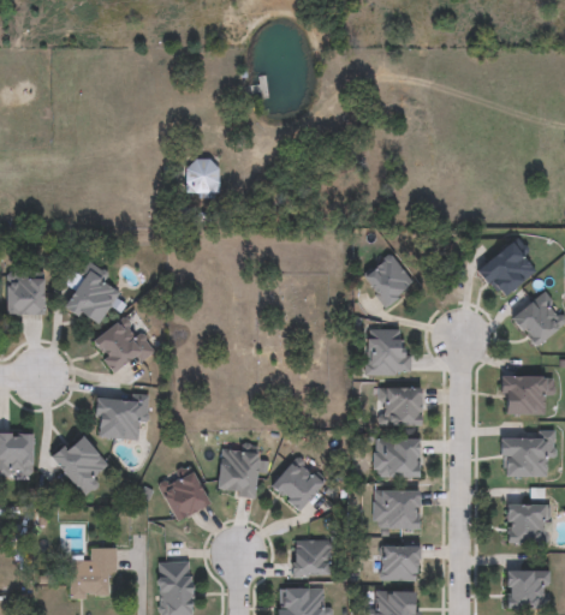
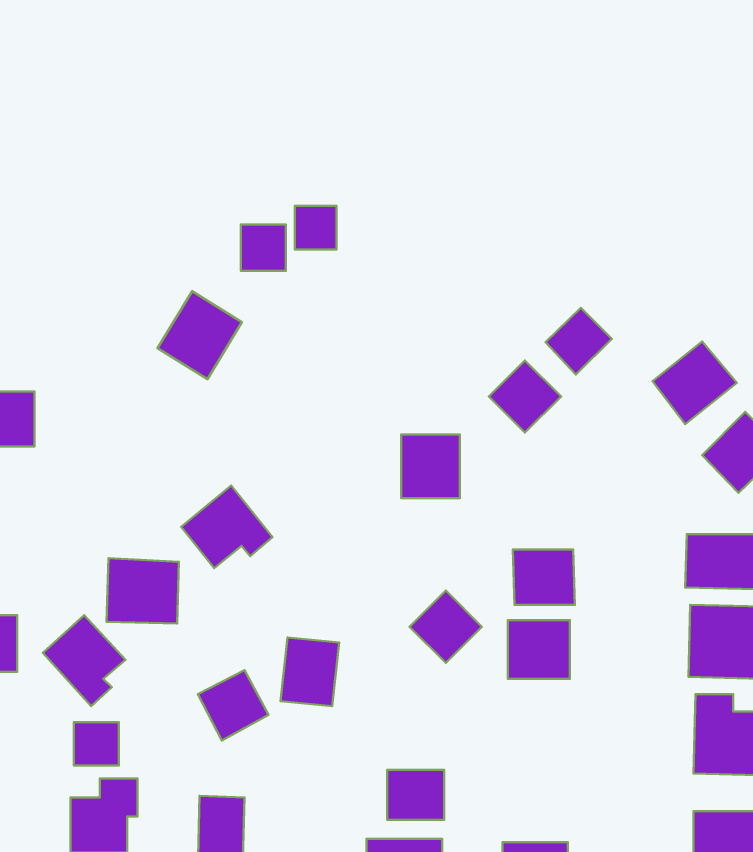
building: none -> [295,206,336,249]
building: none -> [545,308,612,375]
building: [63,265,121,327] -> [158,291,242,379]
building: [93,314,156,371] -> [181,486,273,568]
building: [365,330,406,375] -> [401,435,460,498]
building: [272,459,322,509] -> [410,591,482,663]
building: [375,489,420,529] -> none
building: none -> [74,722,119,765]
building: [382,544,420,580] -> none

